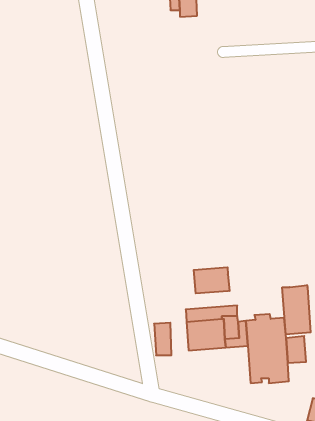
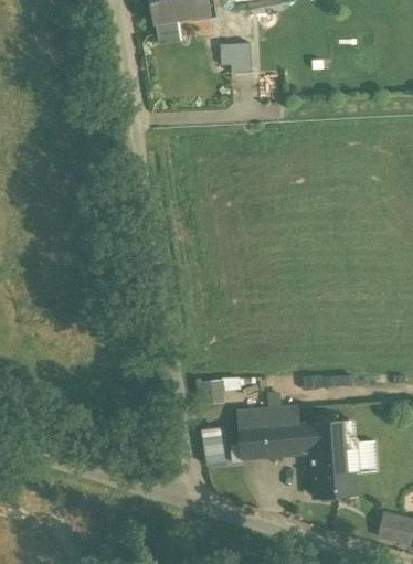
building: [194,267,230,293] -> none
building: [282,285,311,335] -> none

